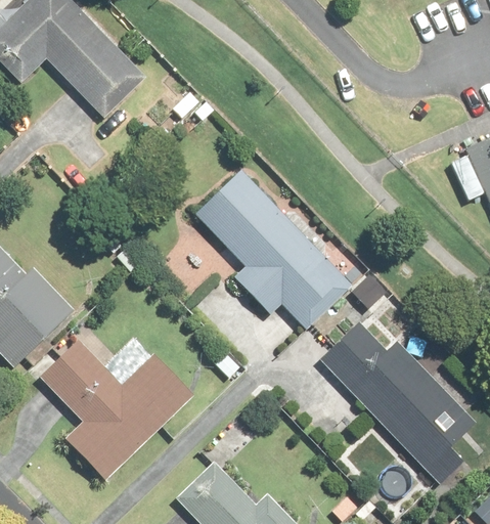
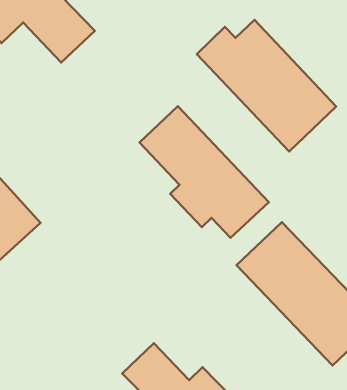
building: none -> [197,20,336,152]
building: [38,345,187,481] -> none

